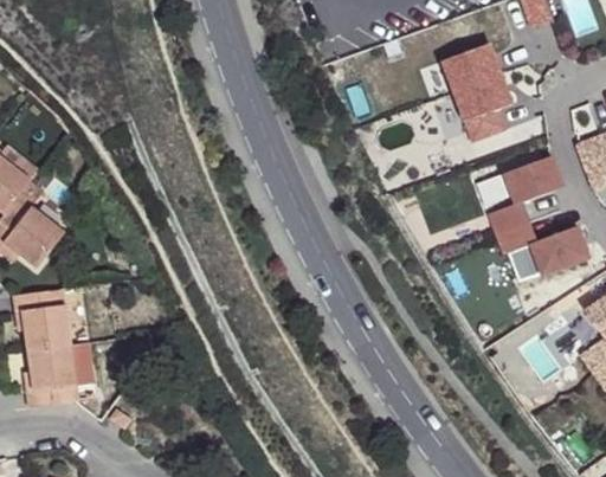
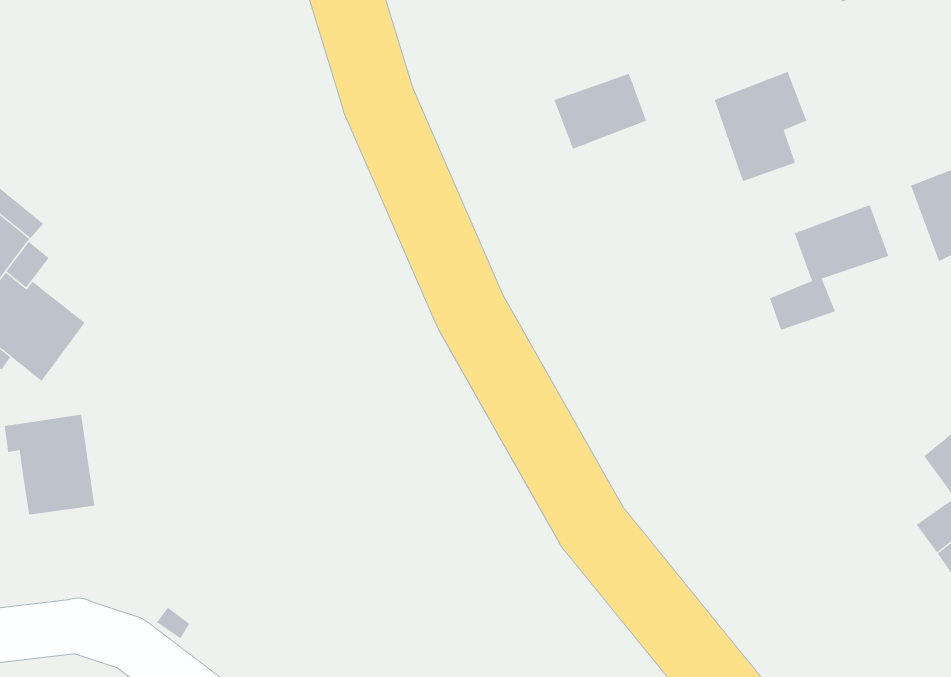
building: [443,45,501,92] -> [553,73,647,150]
building: [496,224,589,277] -> none
building: [26,341,94,407] -> none

